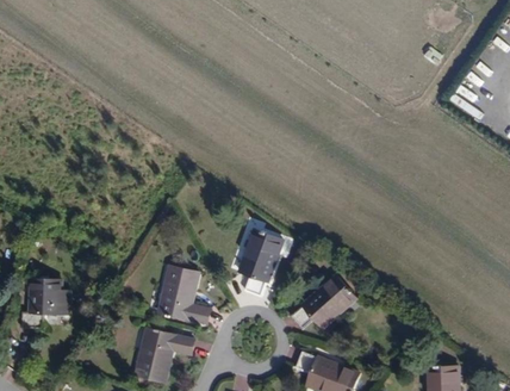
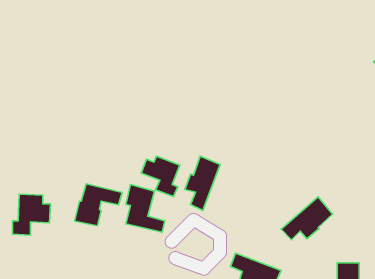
building: none -> [141,156,180,197]
building: [291,275,355,329] -> [281,197,333,240]
building: [136,327,195,379] -> [75,184,122,226]

